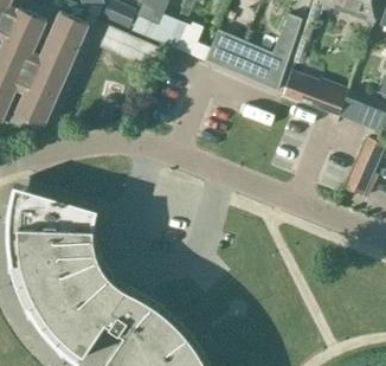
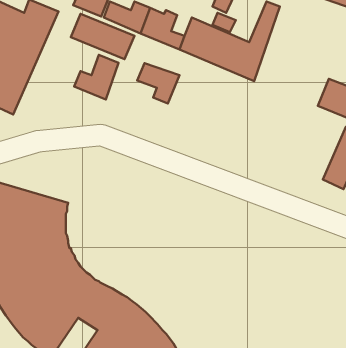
building: none -> [74,55,118,100]
building: [283,72,347,115] -> none
building: none -> [137,63,179,104]

